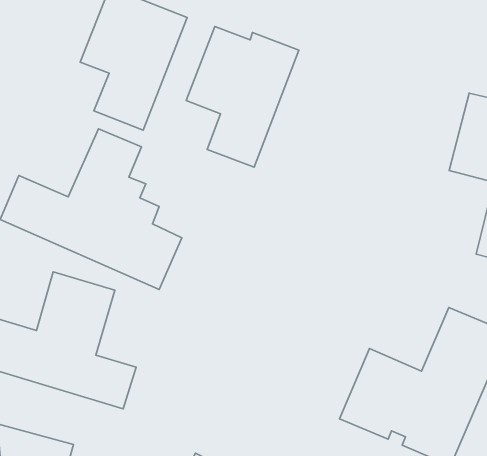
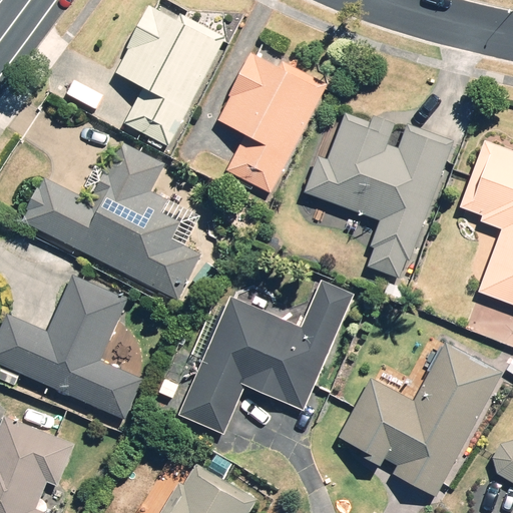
building: none -> [303,116,450,282]
building: none -> [176,280,353,436]

